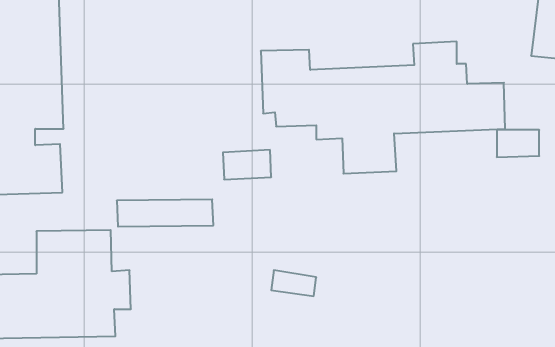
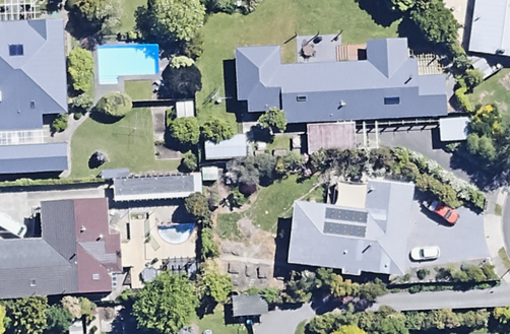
building: none -> [292,177,424,280]

